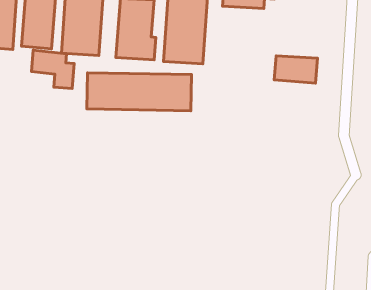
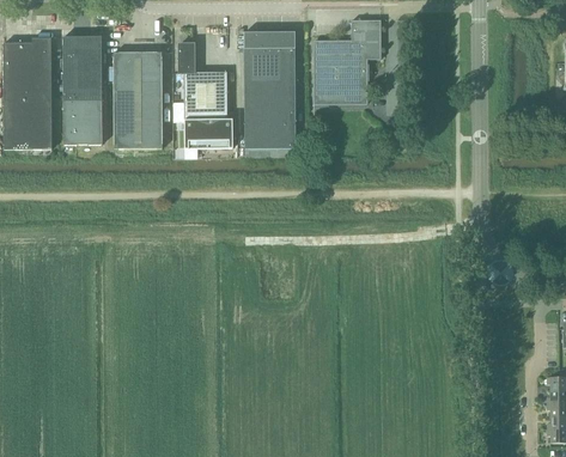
building: [31,50,74,88] -> none
building: [274,56,317,83] -> [314,71,366,103]
building: [87,73,191,111] -> none

